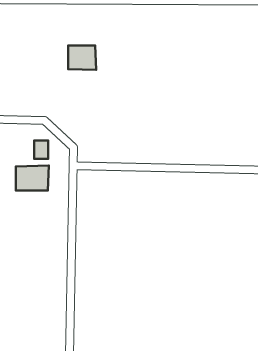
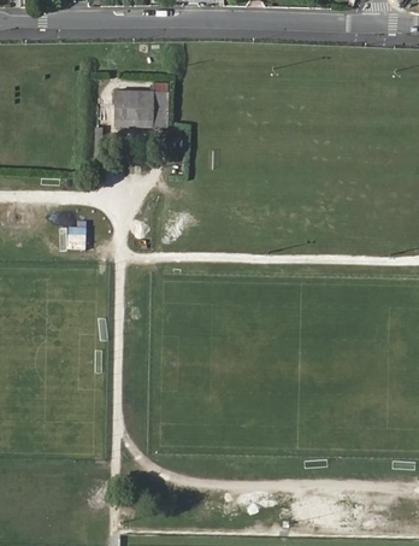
building: [16,166,49,190] -> none

